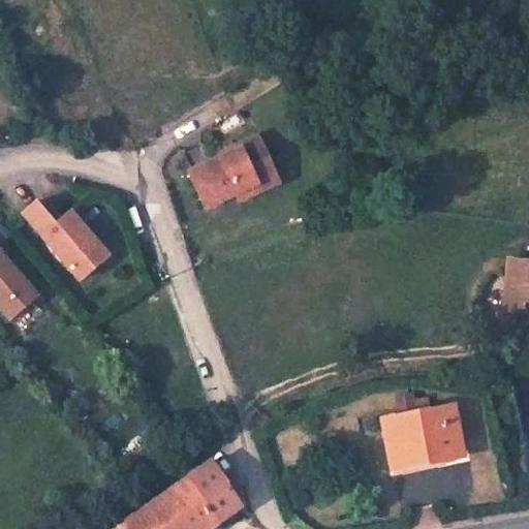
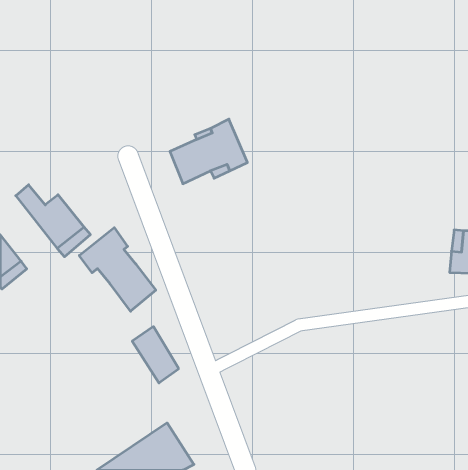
building: none -> [79,228,156,311]
building: [387,403,465,463] -> none
building: [191,457,243,520] -> [132,327,178,383]

